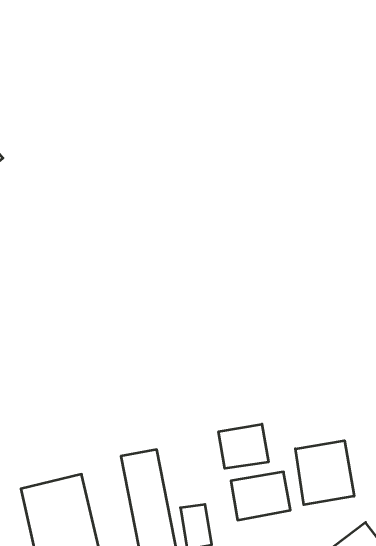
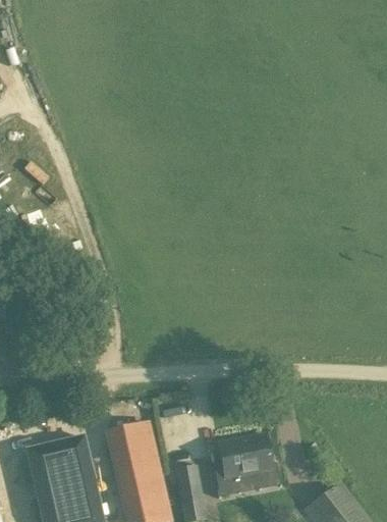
building: [219,424,268,468] -> none
building: [295,441,354,505] -> none

